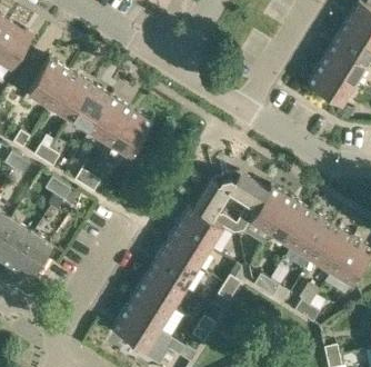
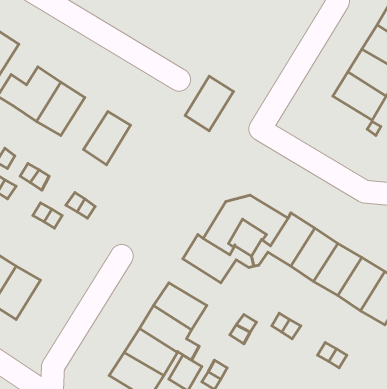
building: [69,86,110,131] -> none
building: [109,110,151,158] -> [185,76,233,131]
building: [163,227,209,268] -> none

